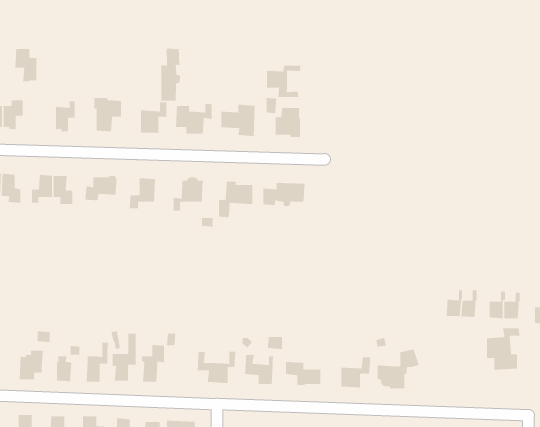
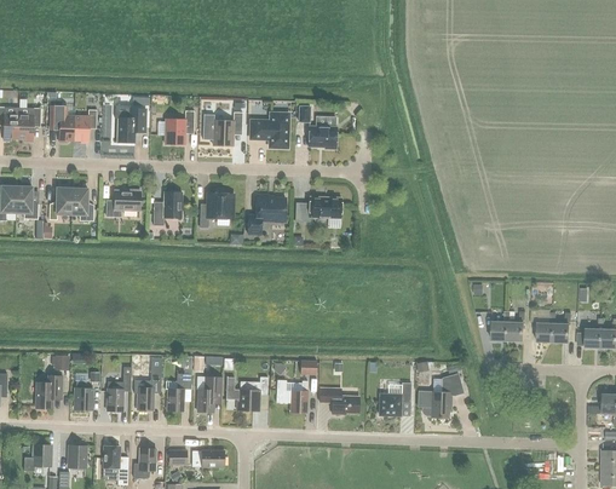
building: [161,48,181,102] -> none
building: [14,48,37,82] -> [50,105,74,142]
building: [266,65,301,98] -> none
building: [486,327,520,371] -> none
building: none -> [197,376,221,412]

